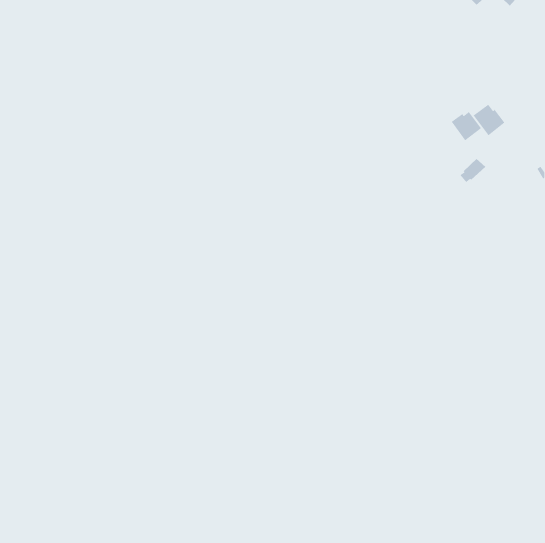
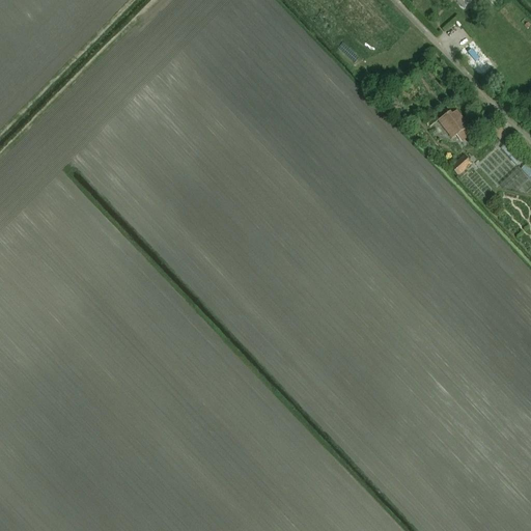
building: [473,104,505,136] -> none

